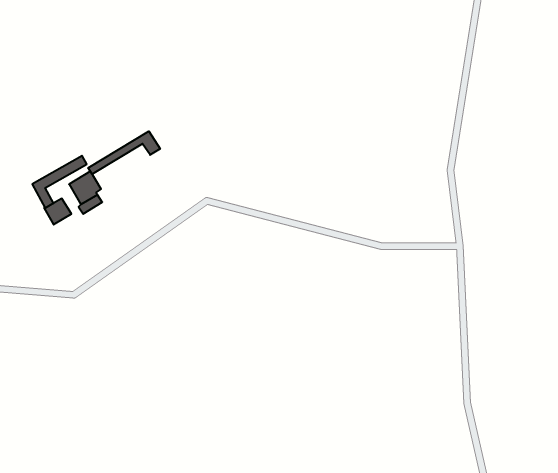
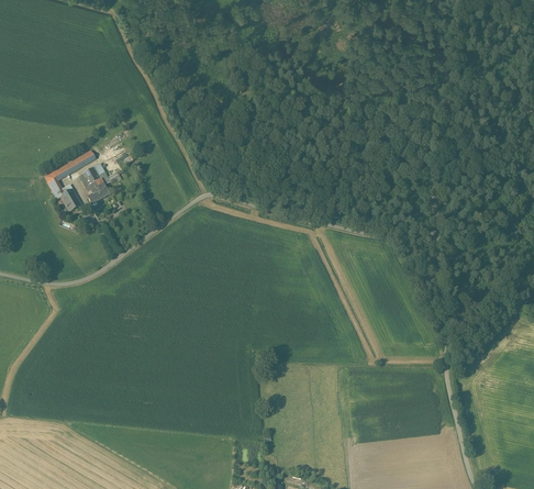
building: [88,131,160,174] -> none

